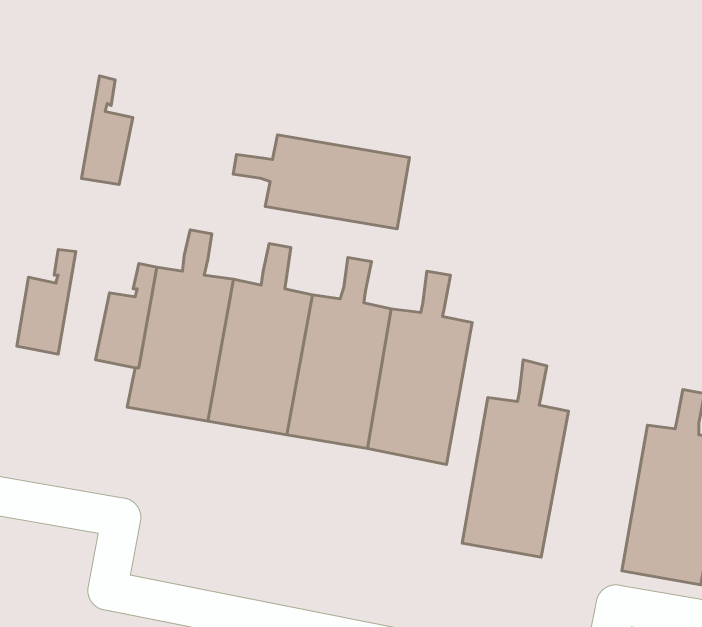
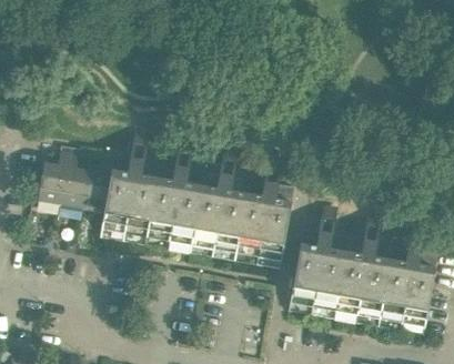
building: [82,76,133,184] -> [61,146,90,208]
building: [233,135,409,229] -> none
building: none -> [333,216,393,326]

